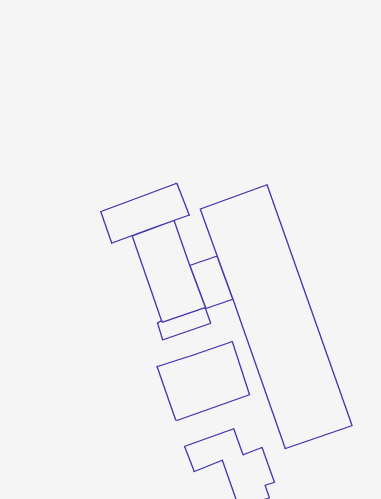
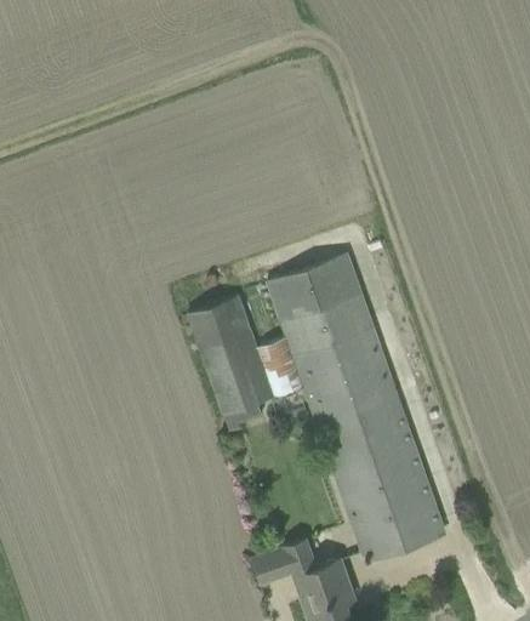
building: [101,183,189,243] -> none
building: [157,341,249,420] -> none

